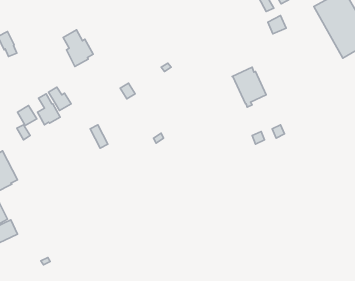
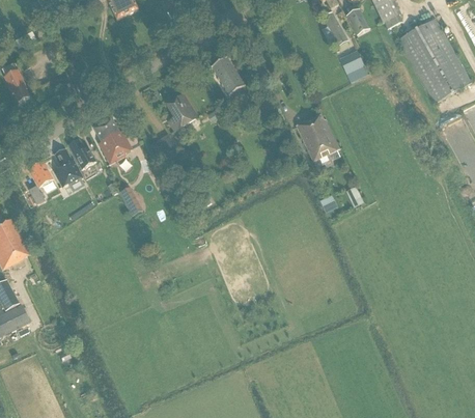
building: none -> [211,57,245,101]
building: [63,30,93,67] -> [94,117,132,163]
building: none -> [166,92,197,130]

